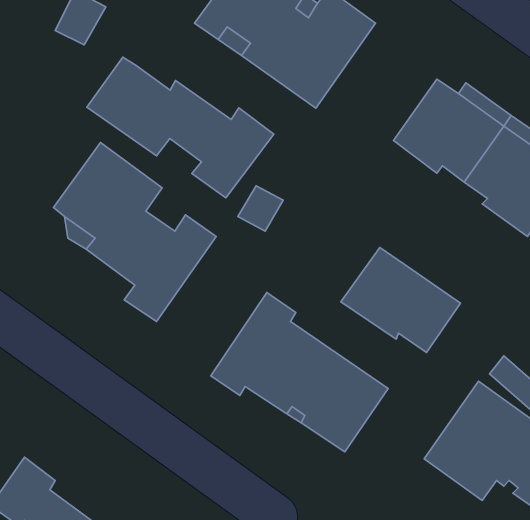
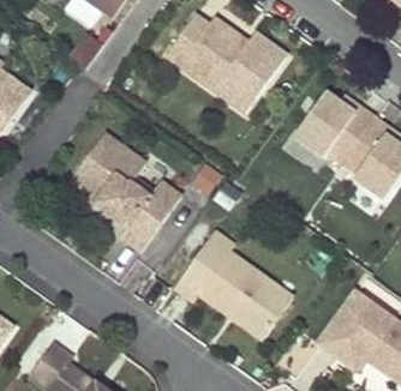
building: [87,57,274,198] -> none
building: [341,248,460,353] -> none

